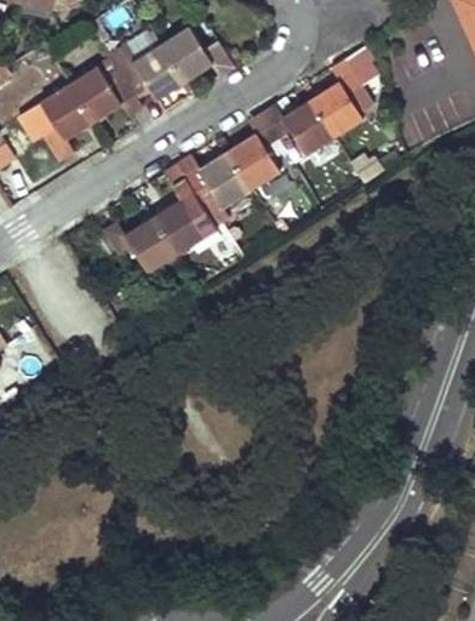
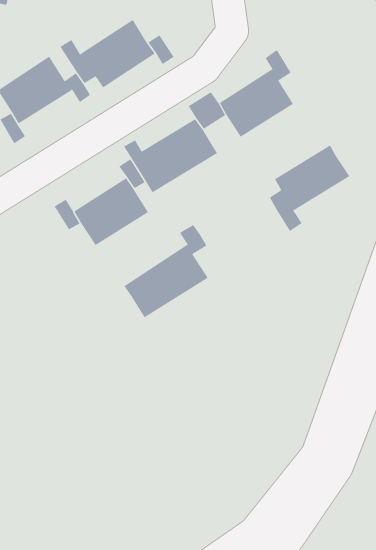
building: none -> [269,145,350,232]
building: none -> [123,224,209,318]

